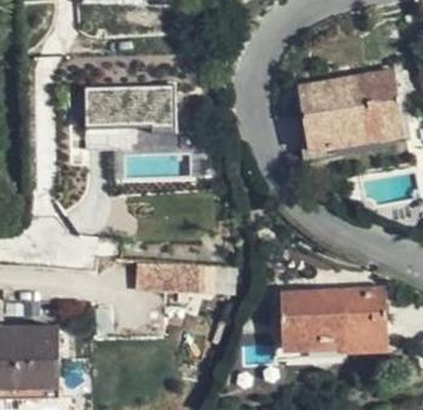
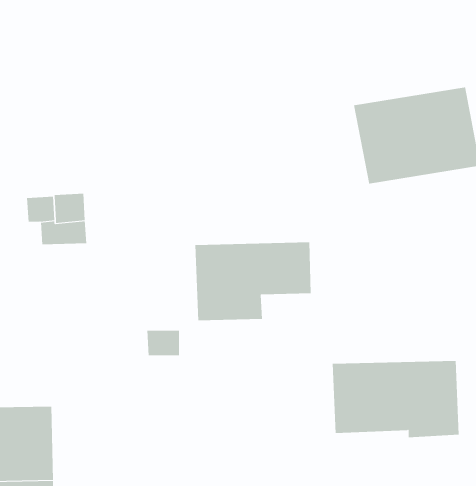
building: [80,84,173,147] -> [194,242,312,321]

